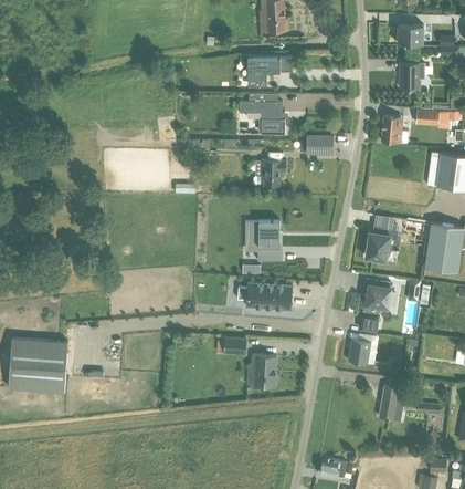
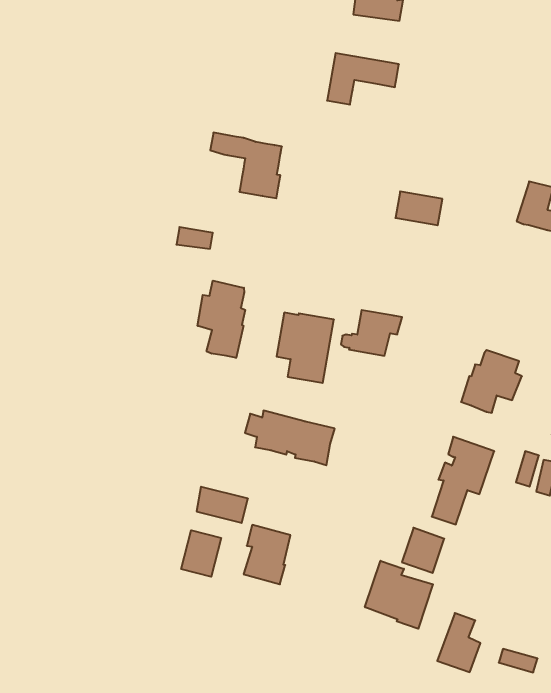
building: [239,101,284,134] -> [210,133,282,198]
building: [252,160,286,186] -> [341,310,402,356]
building: none -> [198,281,245,358]
building: none -> [365,561,433,629]
building: none -> [181,530,221,577]

